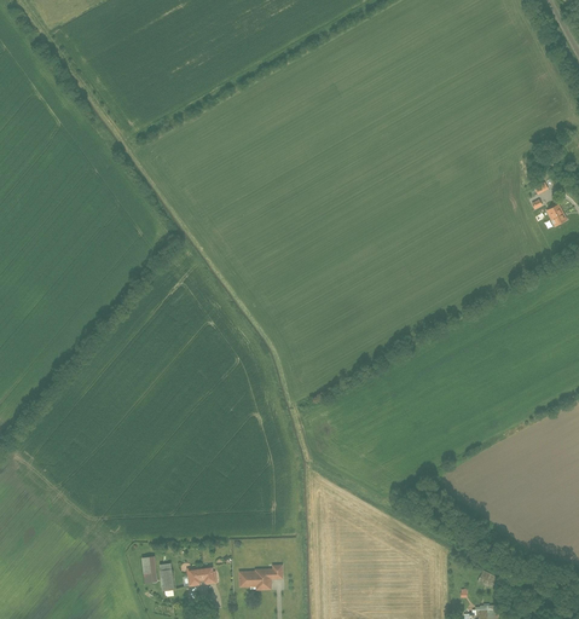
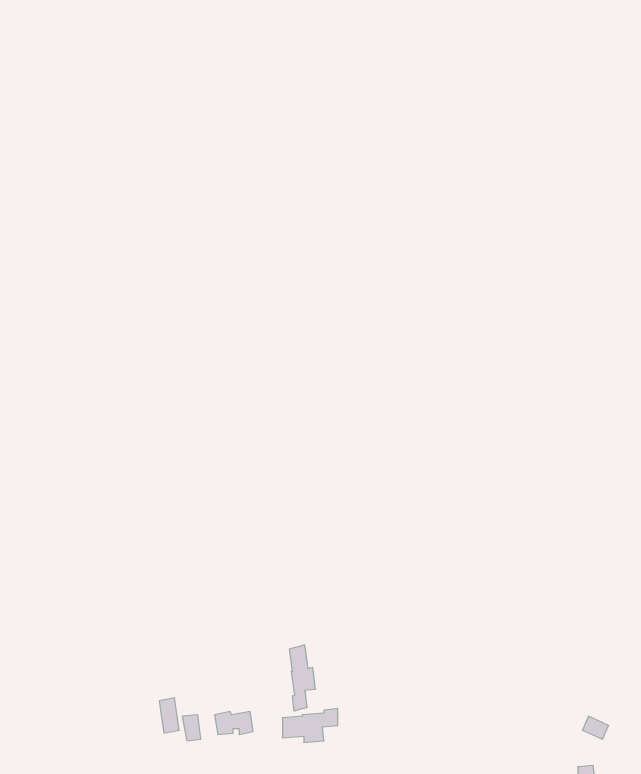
building: none -> [290,645,315,711]

